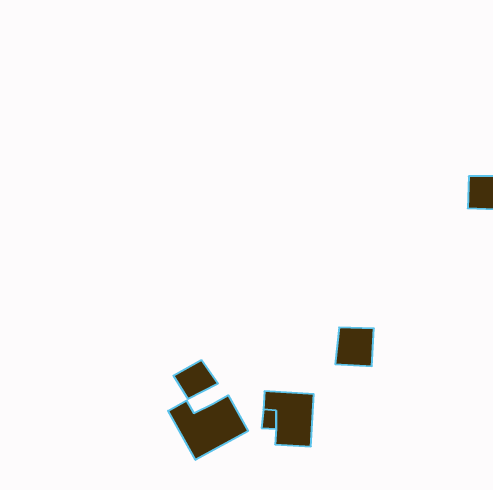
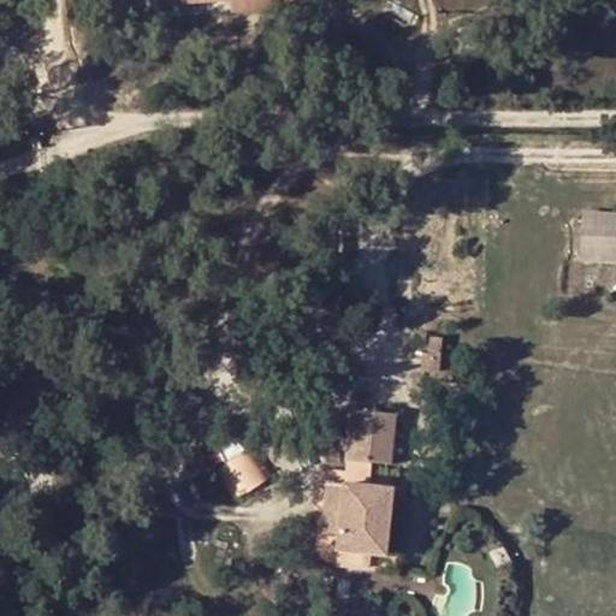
building: [335,327,374,366] -> [348,413,396,461]
building: [168,395,248,460] -> none

